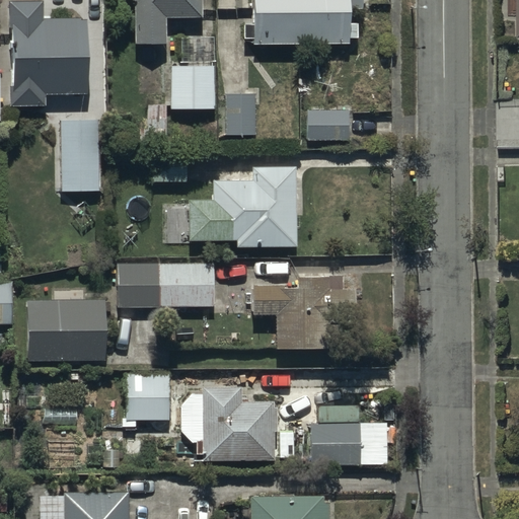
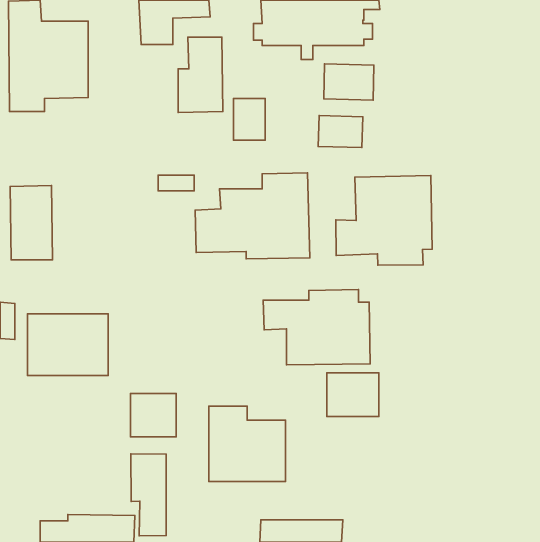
building: none -> [324,64,374,100]
building: [60,121,100,192] -> [10,186,53,260]
building: none -> [336,175,432,265]
building: [118,265,214,307] -> none
building: [310,423,360,464] -> [327,373,379,416]
building: none -> [131,454,166,536]

